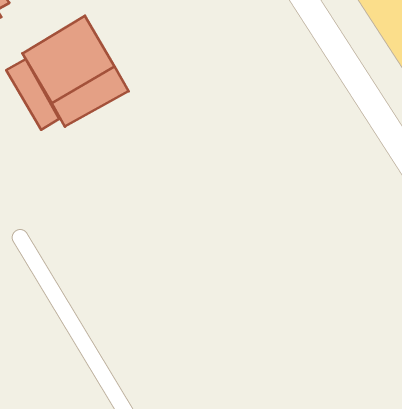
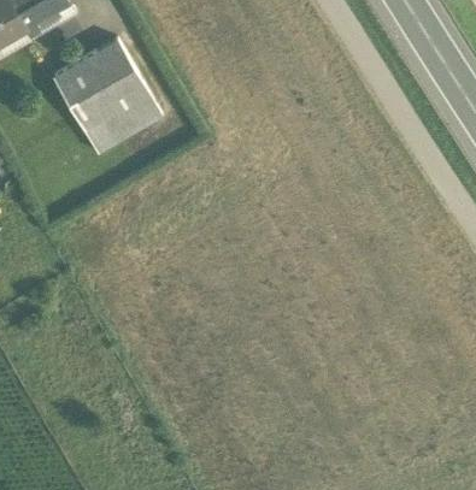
building: [6,59,59,130] -> none

